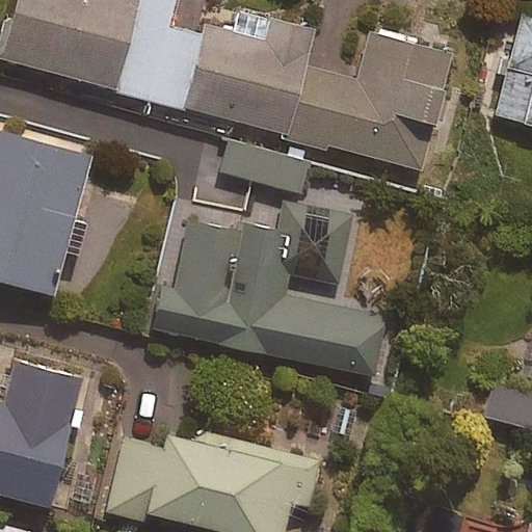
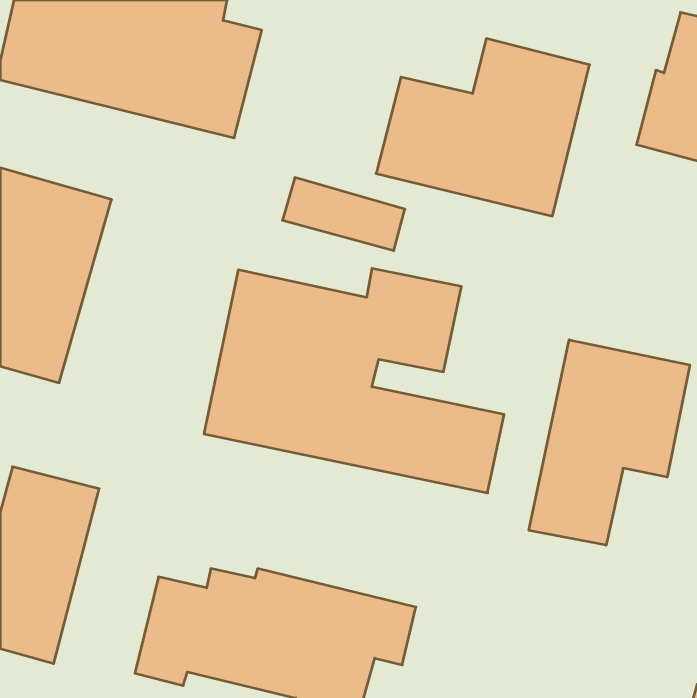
building: [182,19,315,135] -> none
building: none -> [529,340,690,545]

